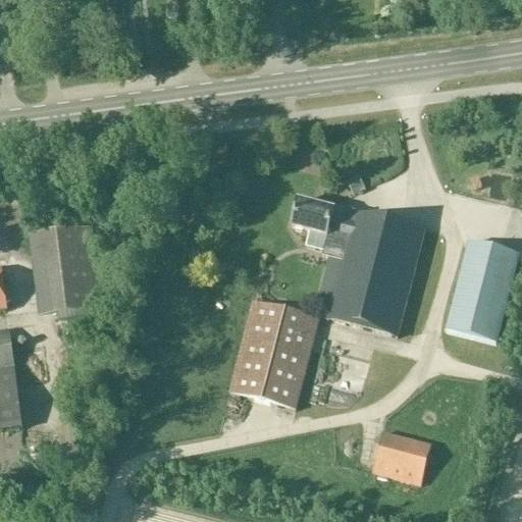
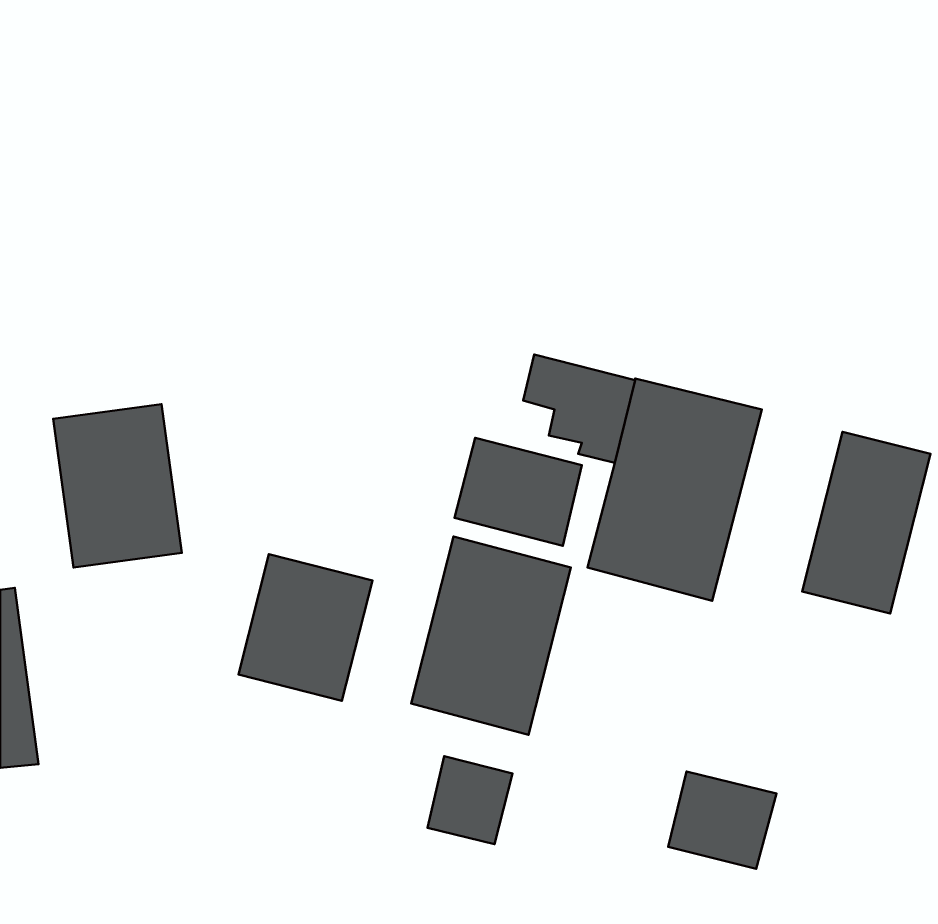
building: none -> [454,438,582,546]
building: none -> [238,554,372,701]
building: none -> [428,756,512,844]

